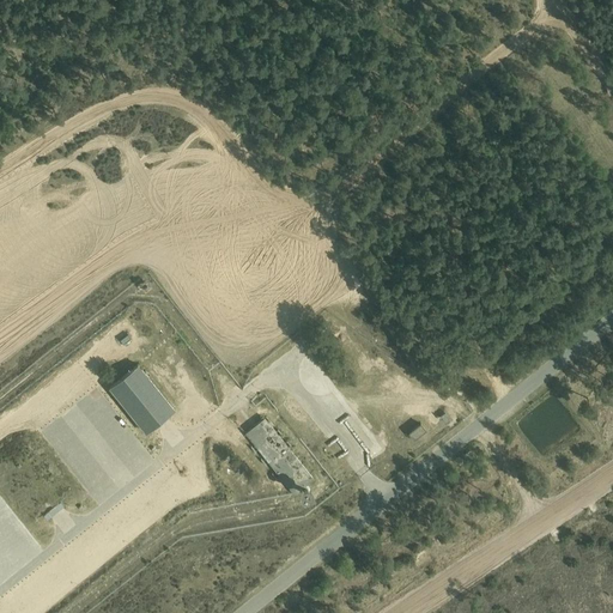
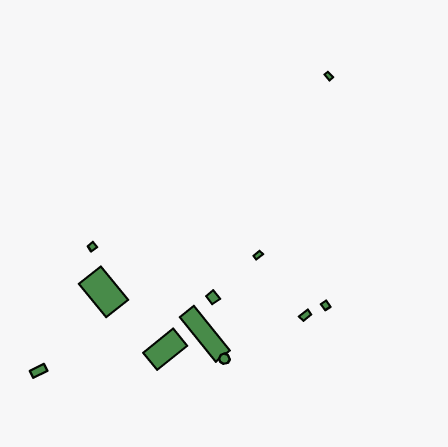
building: none -> [143,329,187,370]

